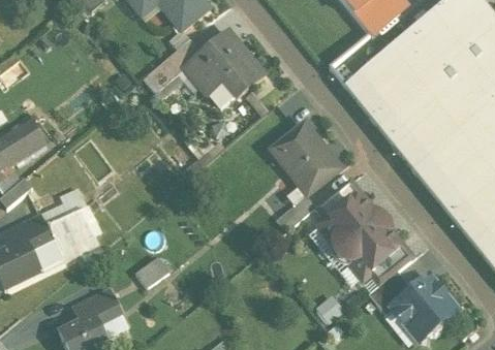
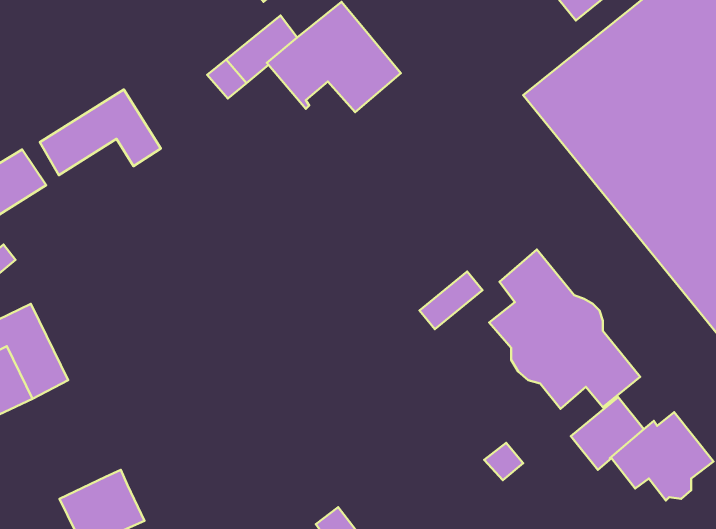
building: none -> [40,90,161,175]
building: [272,119,342,192] -> none
building: [45,204,98,258] -> none
building: [136,252,172,285] -> none
building: [79,287,122,322] -> none

